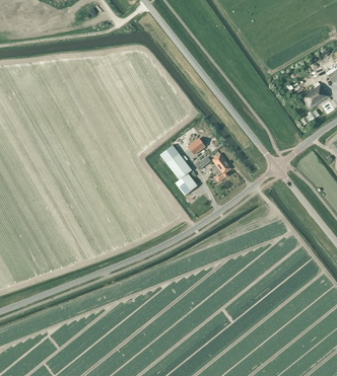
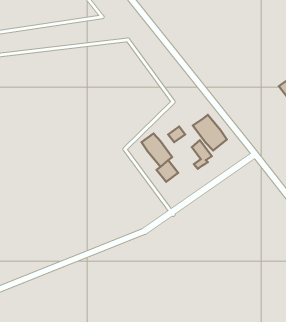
building: none -> [193,115,227,151]

